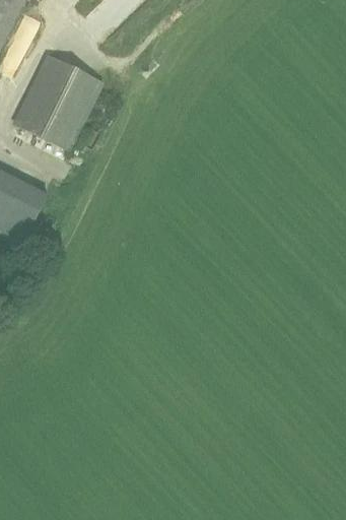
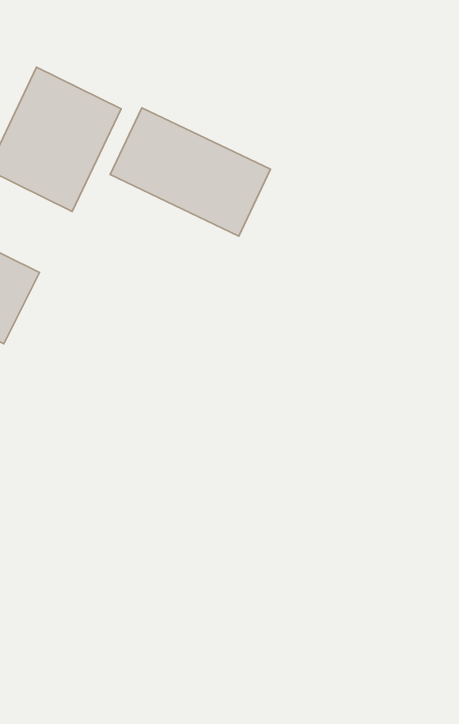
building: none -> [110,108,270,236]

